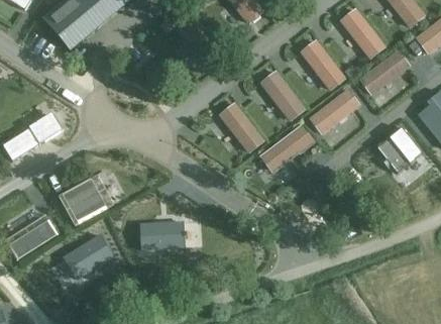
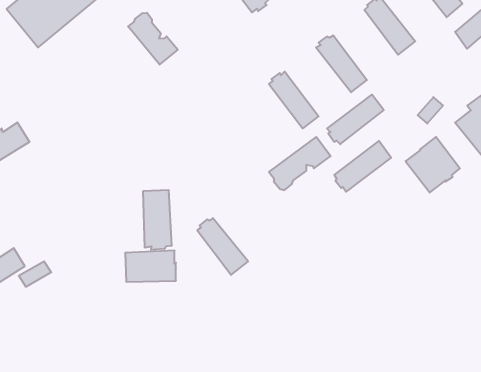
building: none -> [128,13,178,65]
building: [360,51,408,94] -> [334,141,391,192]
building: [220,104,262,151] -> [197,218,248,275]
building: none -> [143,190,171,250]
building: [61,178,106,223] -> none
building: [64,236,112,279] -> none

